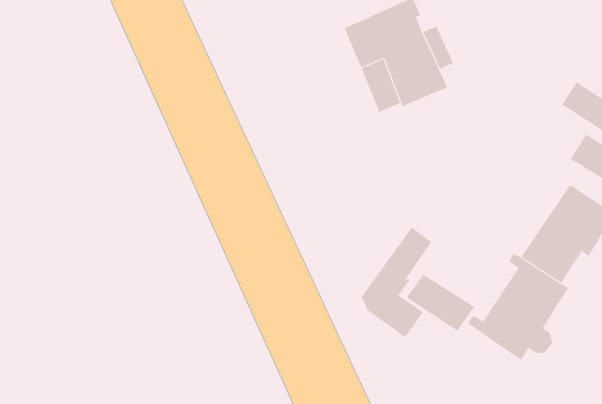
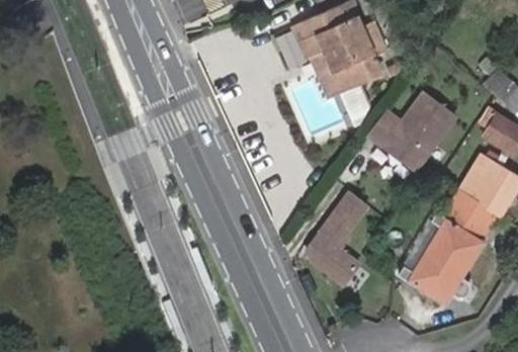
building: none -> [371,88,459,166]
building: [406,274,475,332] -> none

